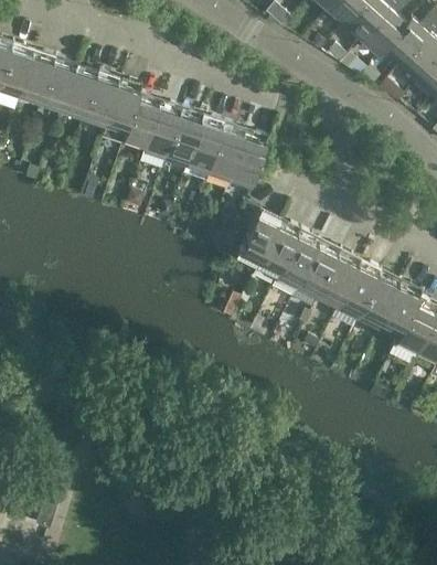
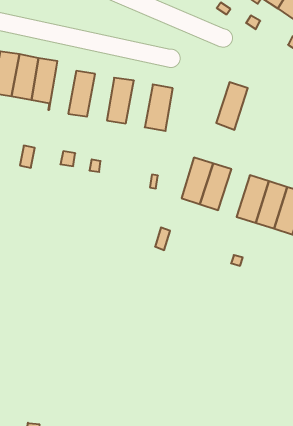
building: [122,96,160,151] -> none
building: [164,110,202,166] -> none
building: [207,125,245,180] -> none
building: [237,213,279,267] -> none
building: [298,243,340,298] -> [216,82,248,130]

